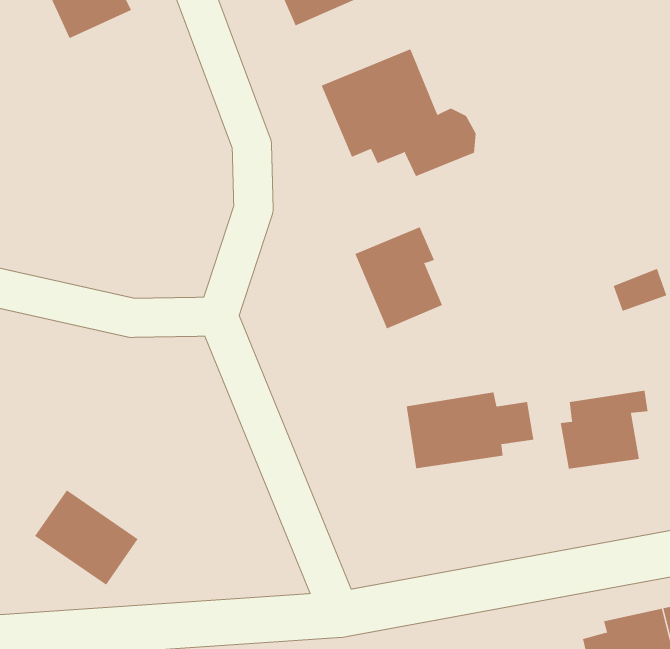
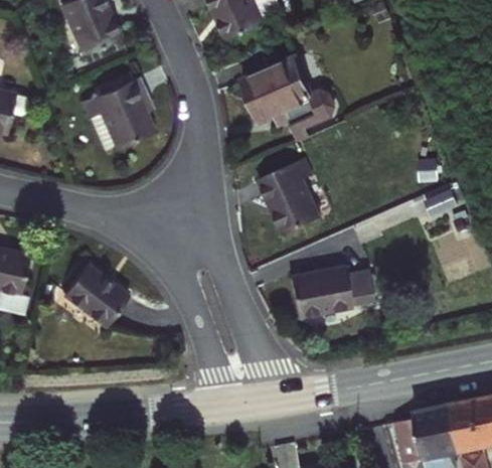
building: none -> [79,84,155,156]
building: [560,390,648,470] -> none
building: [34,489,139,586] -> [61,262,127,322]

